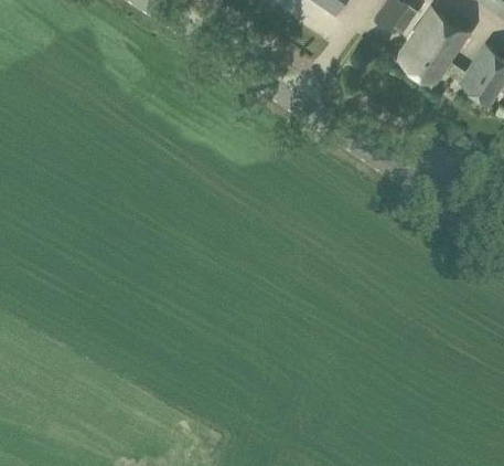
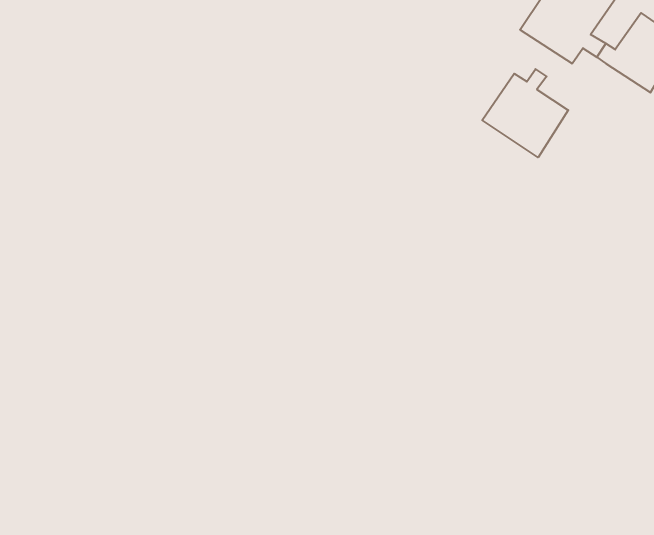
building: none -> [482,69,568,157]

